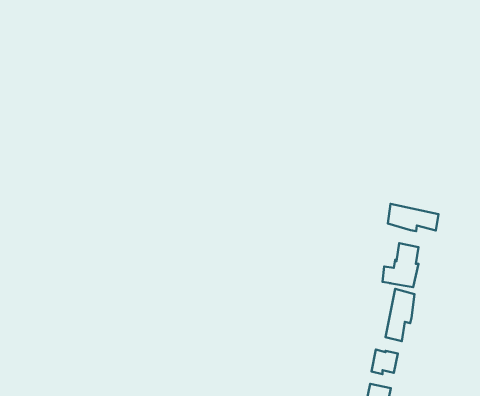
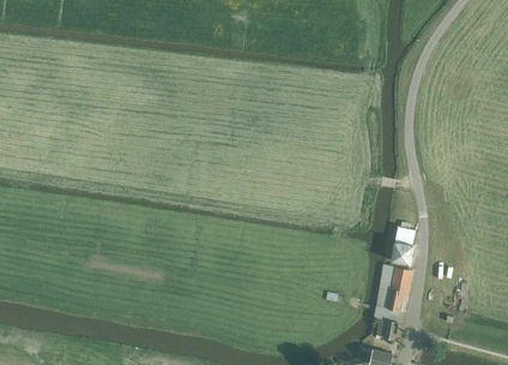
building: [388,204,438,231] -> none

